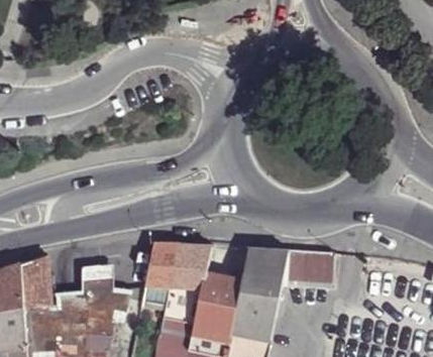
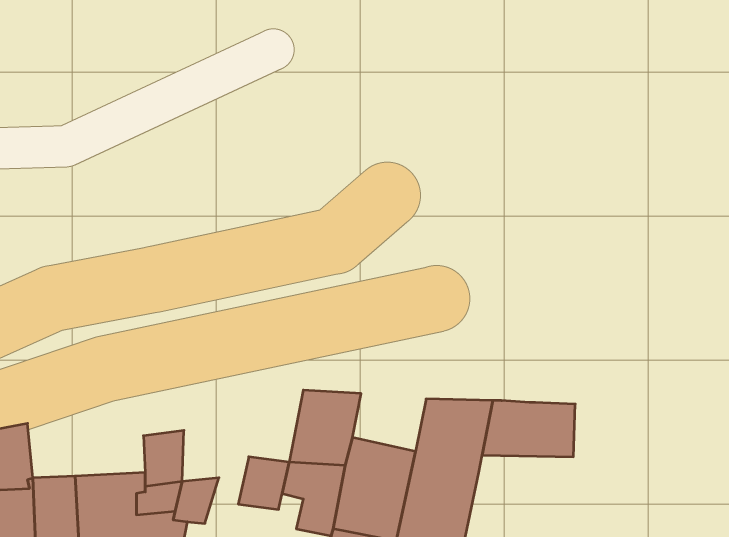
building: [145,244,177,286] -> none
building: [18,257,45,295] -> none

